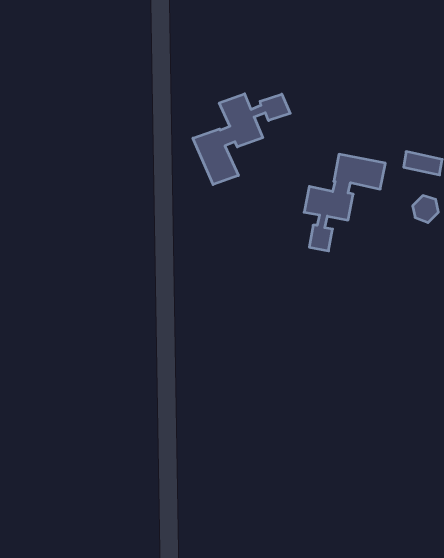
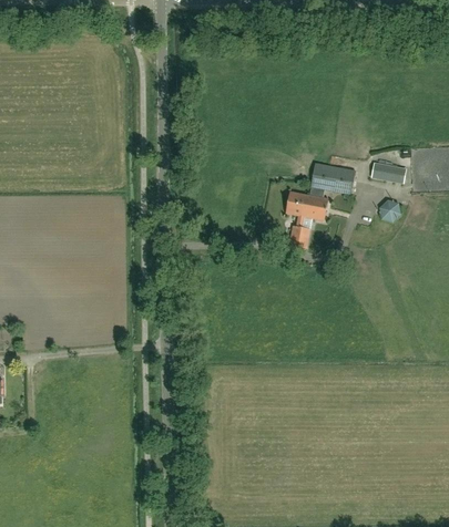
building: [193,94,290,185] -> none

